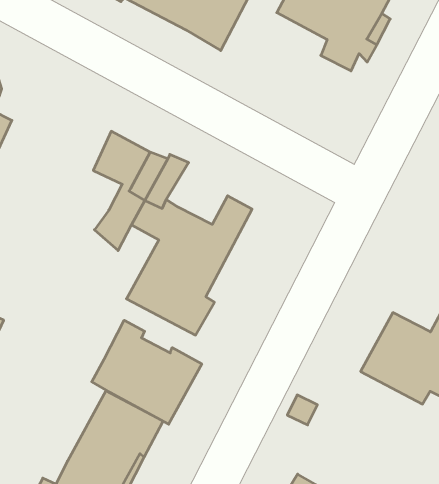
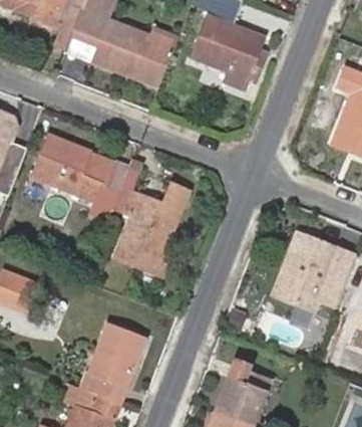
building: none -> [31,134,101,201]
building: [92,320,202,424] -> none

